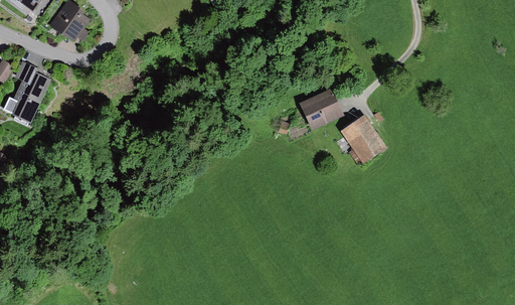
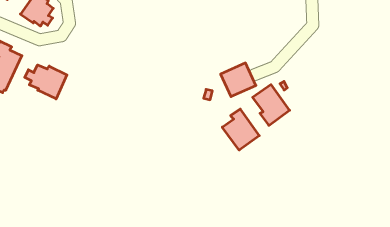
building: none -> [25,65,67,99]
building: none -> [222,109,259,150]

